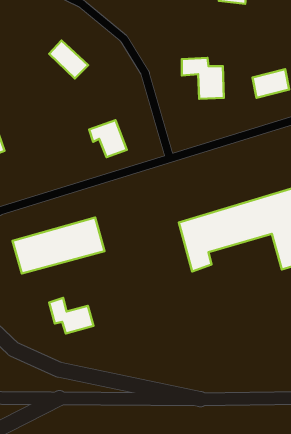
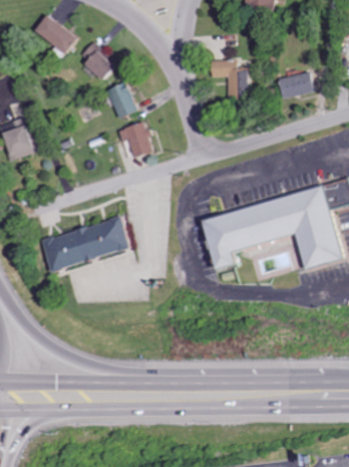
building: none -> [34,16,76,53]
building: none -> [106,82,137,120]
building: [49,298,93,334] -> none

